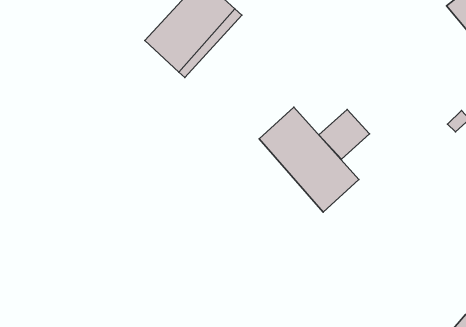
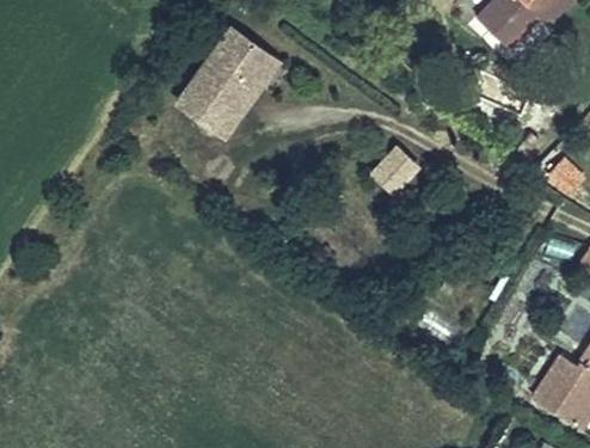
building: [259,107,359,212] -> none

